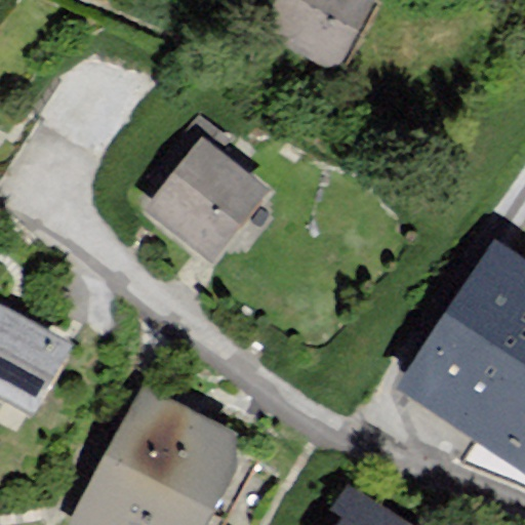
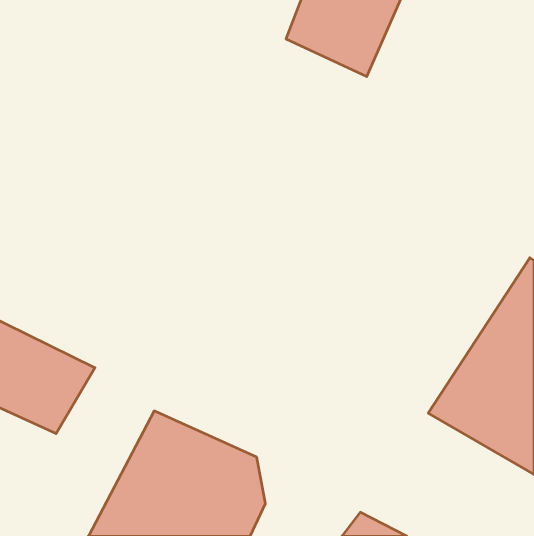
building: [143,136,266,259] -> none

